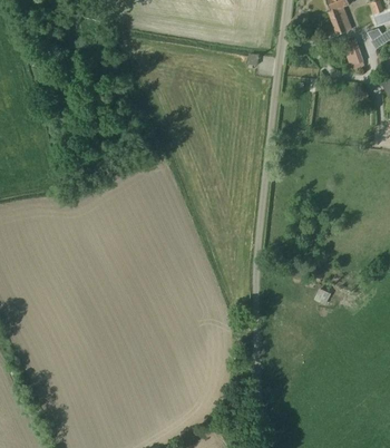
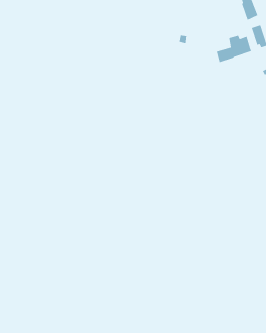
building: none -> [216,35,252,64]

